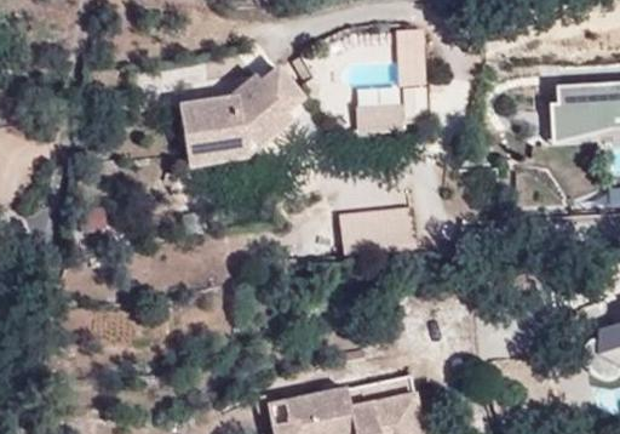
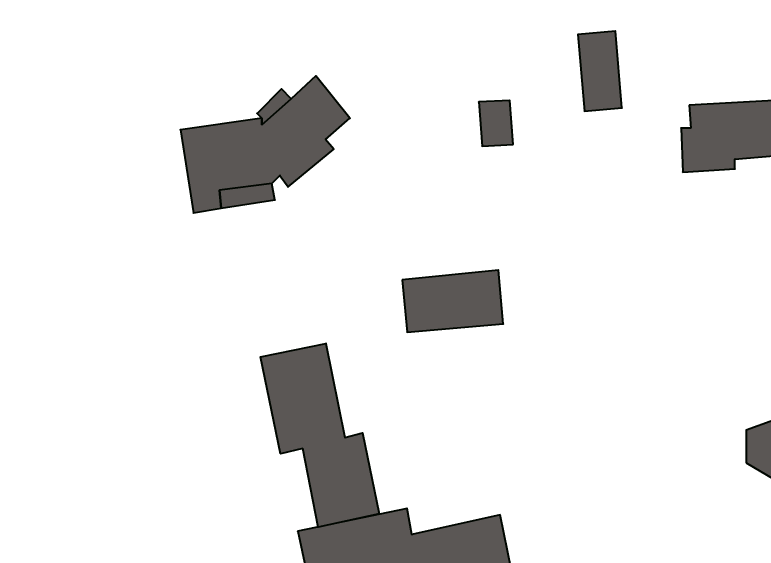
building: [392,21,425,80] -> [578,31,622,111]
building: [356,103,403,133] -> none
building: none -> [260,343,379,527]

